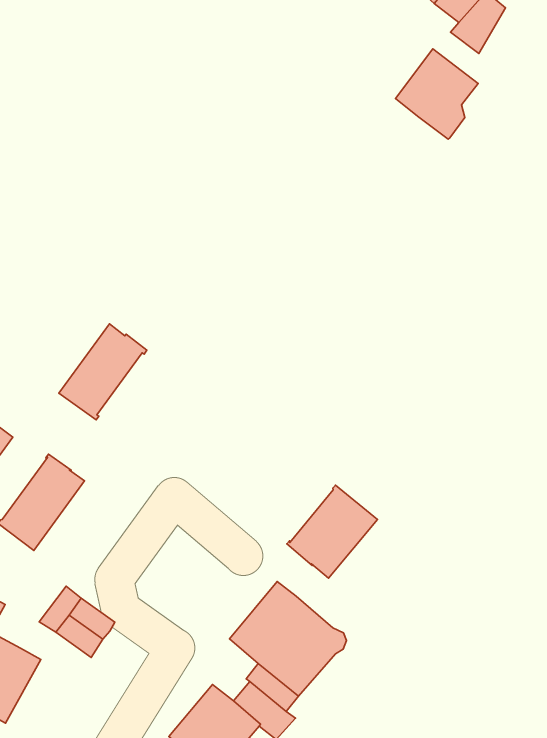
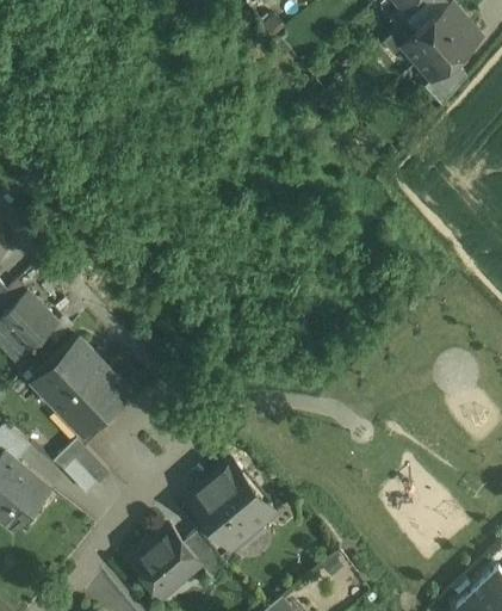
building: [395,49,478,139] -> none
building: [59,324,147,420] -> [57,364,126,432]
building: [287,485,377,578] -> none

